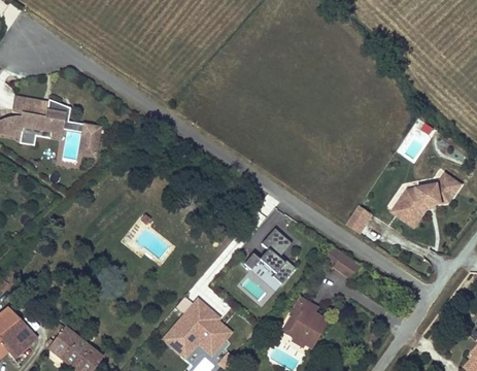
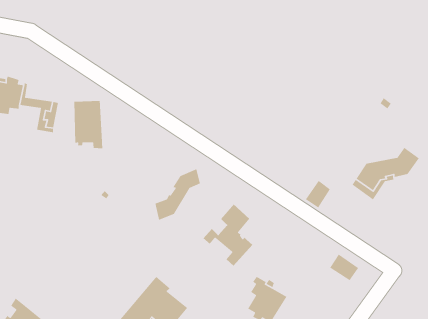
building: none -> [74,100,103,149]
building: none -> [154,168,201,221]
building: [332,251,362,279] -> [329,253,359,281]

